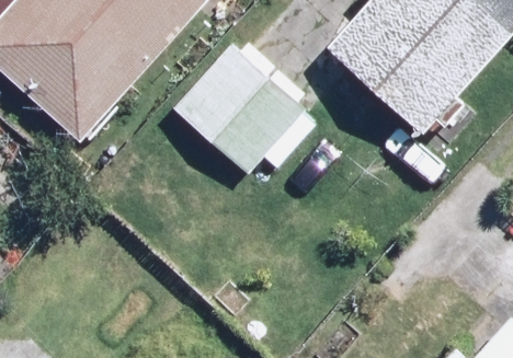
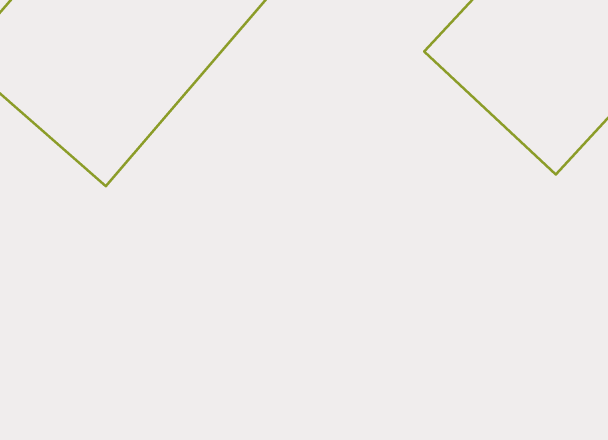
building: [168,39,323,177] -> none

